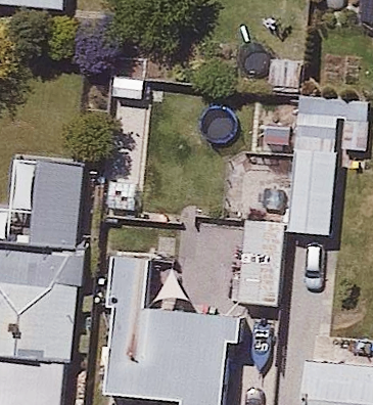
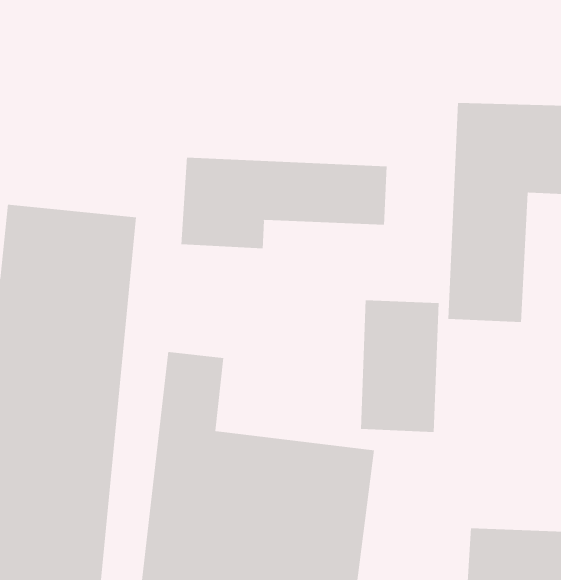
building: none -> [181,157,387,249]

